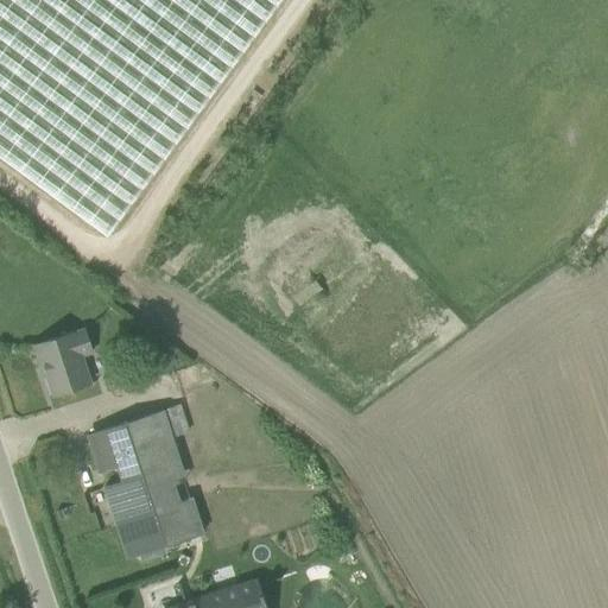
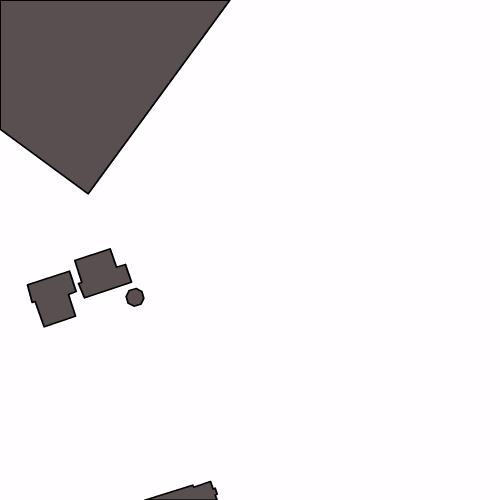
building: none -> [75,249,131,298]
building: [87,411,202,558] -> none

